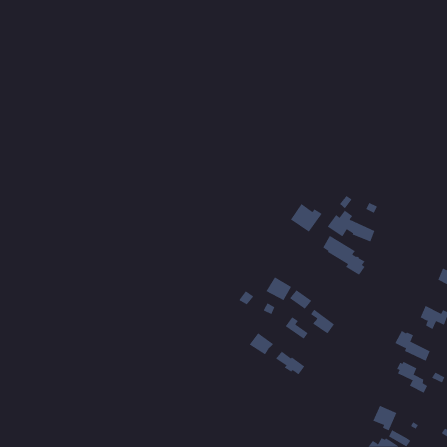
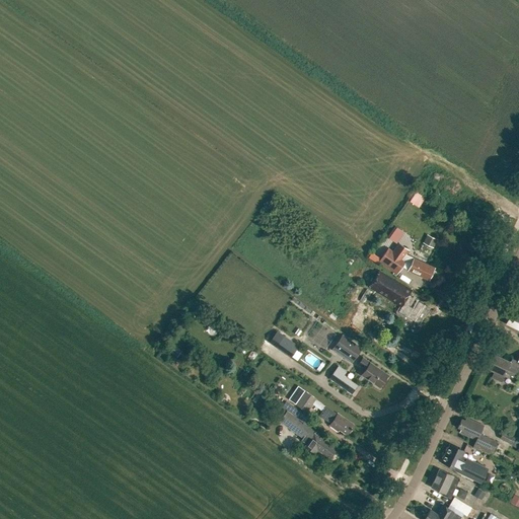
building: [290,203,322,233] -> none
building: [395,330,430,362] -> [441,446,483,483]
building: none -> [280,411,337,458]

